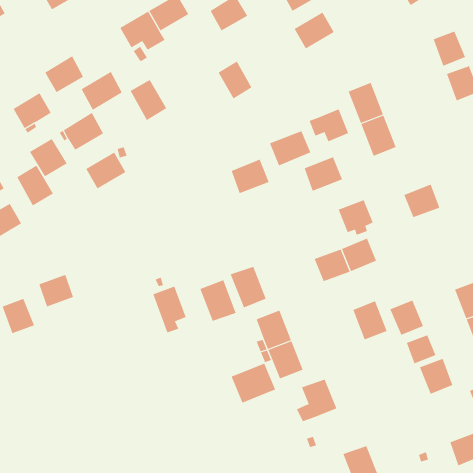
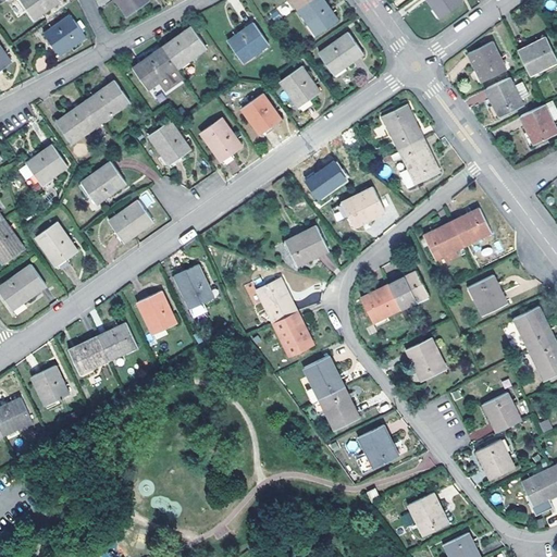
building: none -> [280,66,320,108]
building: [81,71,123,111] -> [85,81,129,124]
building: none -> [200,117,242,162]
building: [309,109,349,142] -> none
building: [29,138,68,177] -> none
building: [231,159,270,194] -> [285,226,327,265]
building: [338,199,374,235] -> [423,222,462,261]
building: none -> [137,290,176,334]
building: none -> [97,323,137,360]
building: [200,280,236,321] -> [256,276,297,322]
building: [153,286,186,333] -> [174,264,212,315]
building: [390,300,424,336] -> [468,275,506,314]
building: [406,334,436,364] -> none
building: [231,363,276,403] -> none
building: none -> [476,440,513,479]

